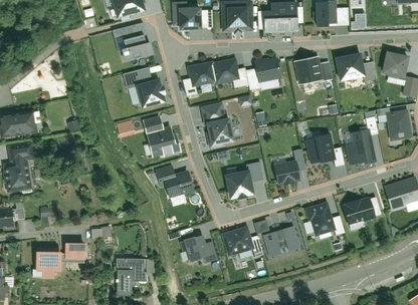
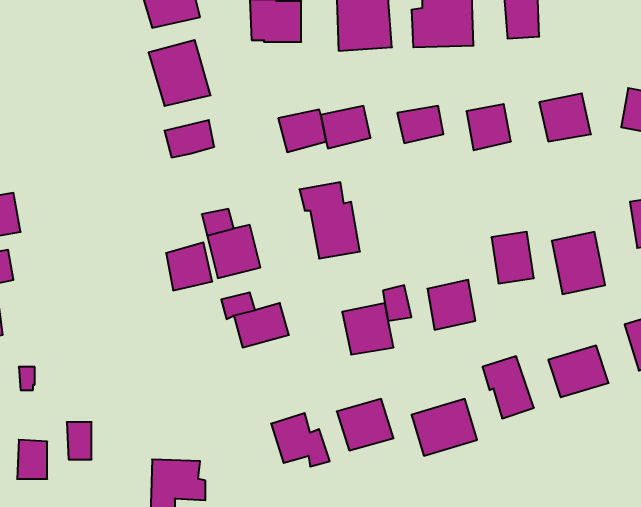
building: [138,81,164,108] -> [166,242,212,290]

